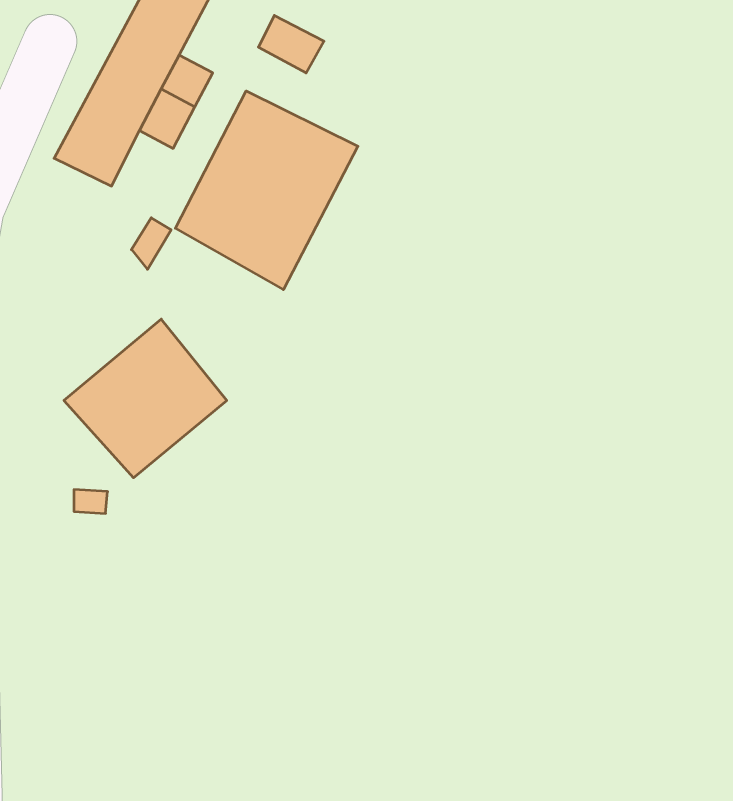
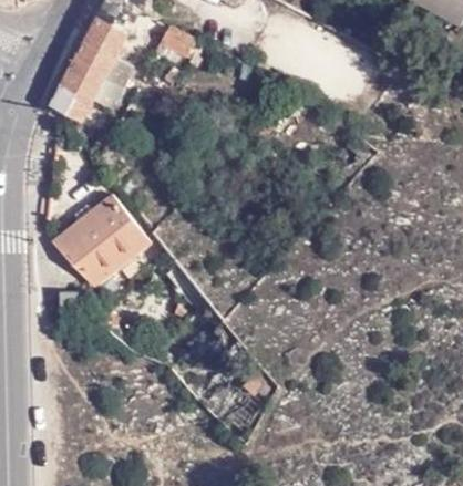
building: [175,91,358,290] -> none

